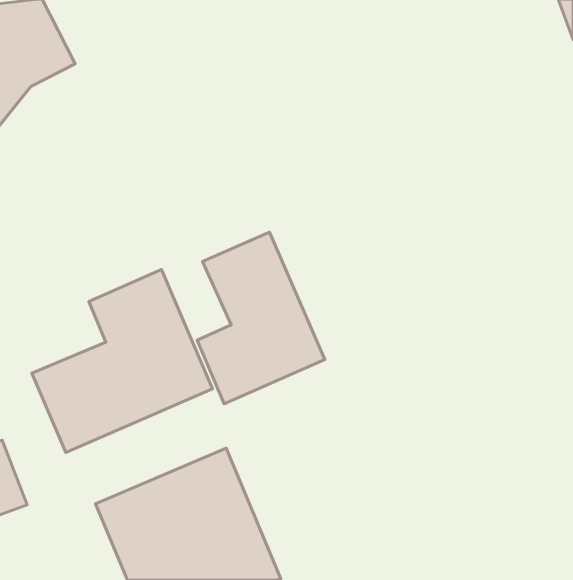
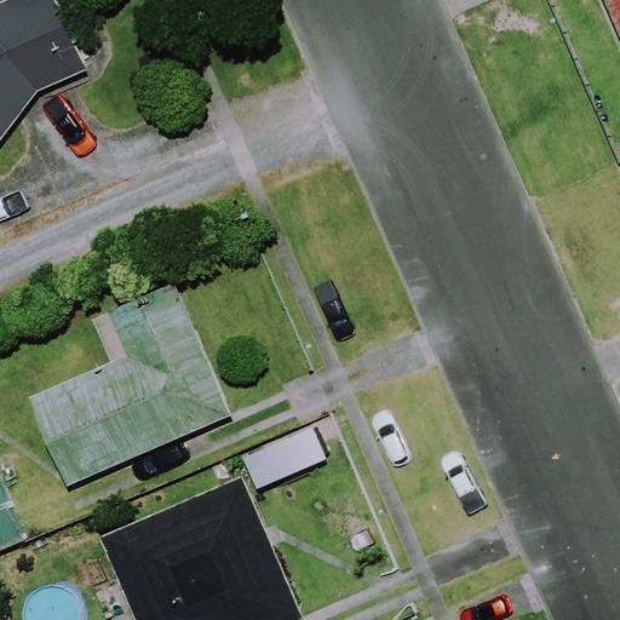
building: [197,232,325,404] -> none

